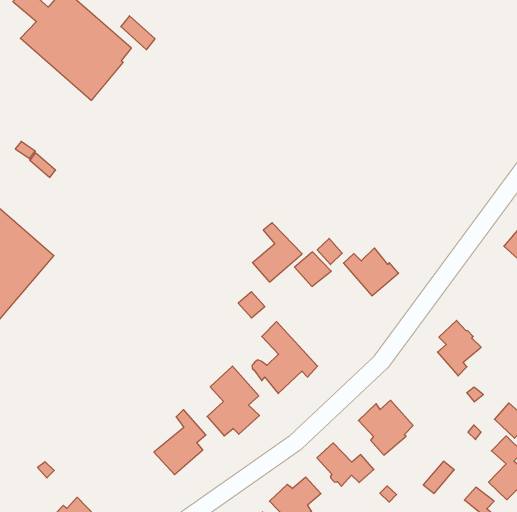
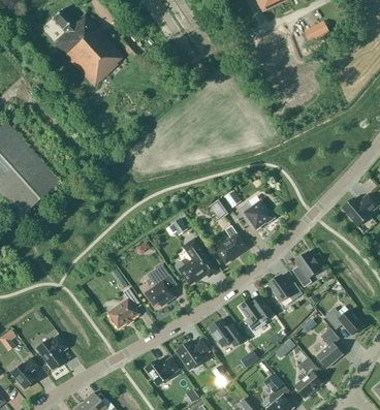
building: [252,223,302,282] -> [216,225,248,262]
building: none -> [265,275,302,302]

